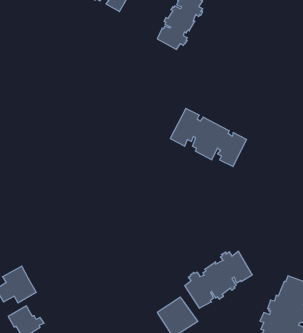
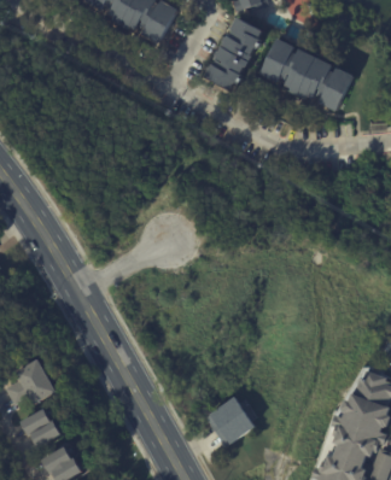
building: [170,108,247,167] -> [257,37,352,110]
building: [185,251,252,308] -> none

